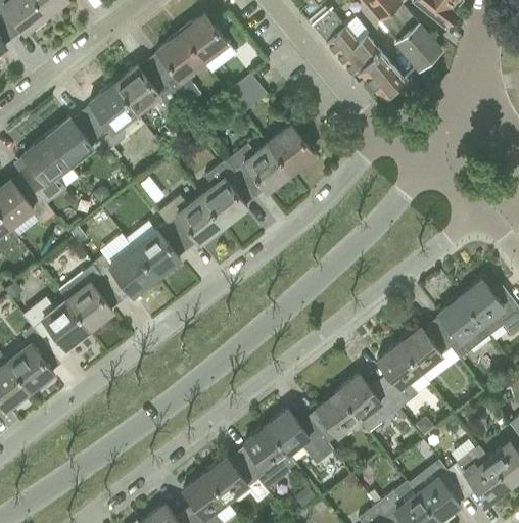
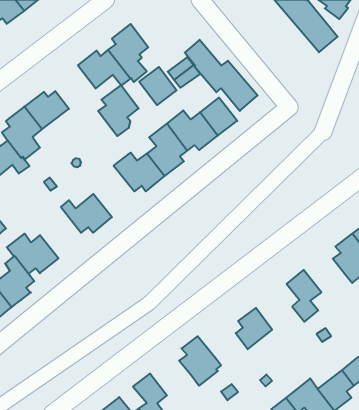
building: [313,9,405,99] -> [185,40,258,111]
building: [180,14,227,62] -> [139,67,177,105]
building: [85,85,136,149] -> [98,85,139,136]
building: [133,211,185,277] -> none
building: [58,264,117,329] -> none
building: [398,327,451,372] -> none
building: [338,375,399,432] -> none
building: [265,409,334,464] -> none
building: [204,457,257,502] -> none

